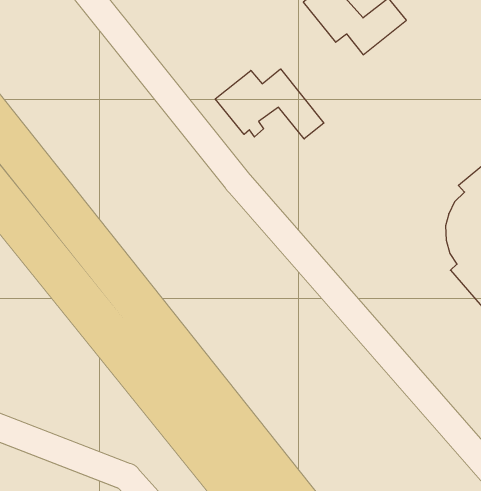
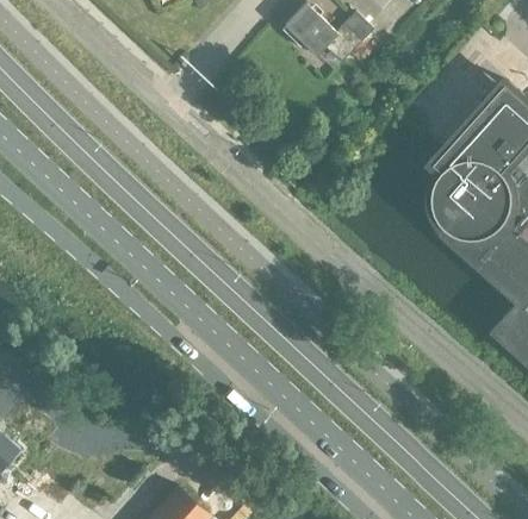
building: [215,69,324,139] -> none

